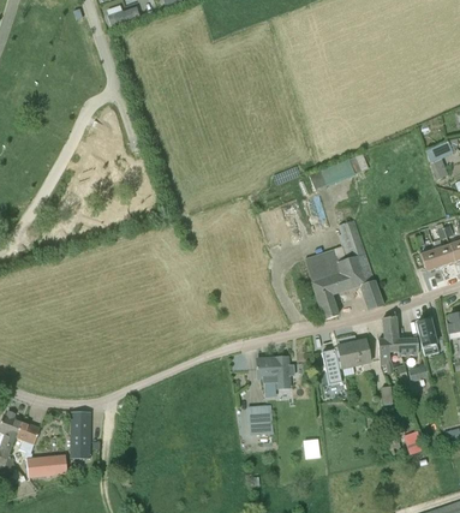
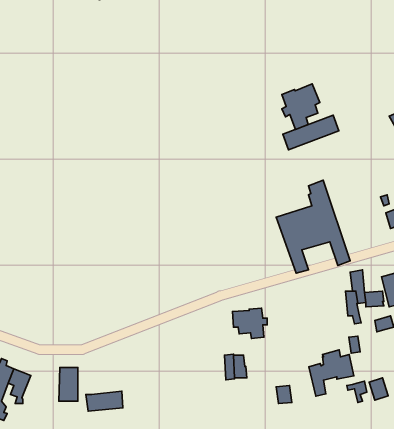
building: none -> [282,84,320,129]
building: [322,334,370,383] -> [309,350,354,396]
building: [25,454,65,476] -> [86,391,123,411]

